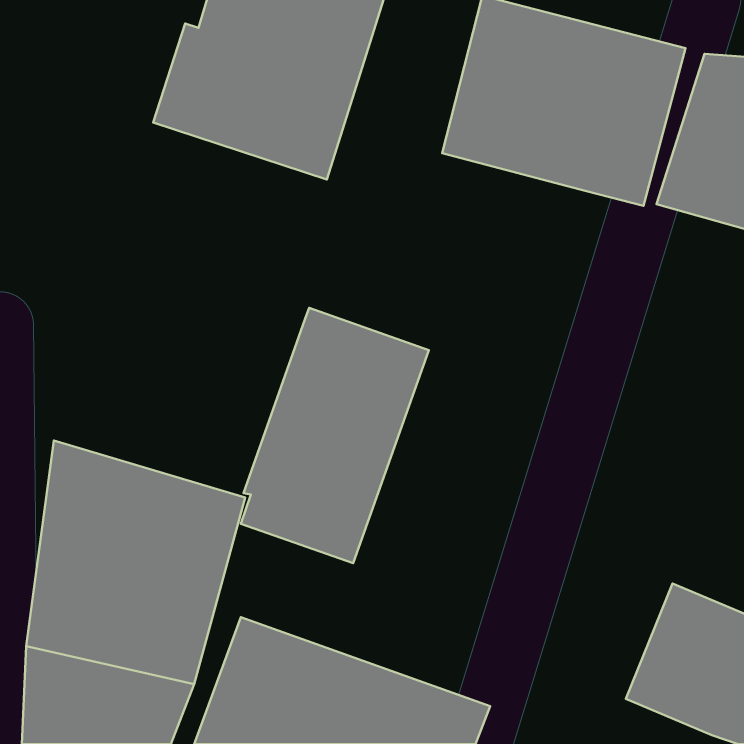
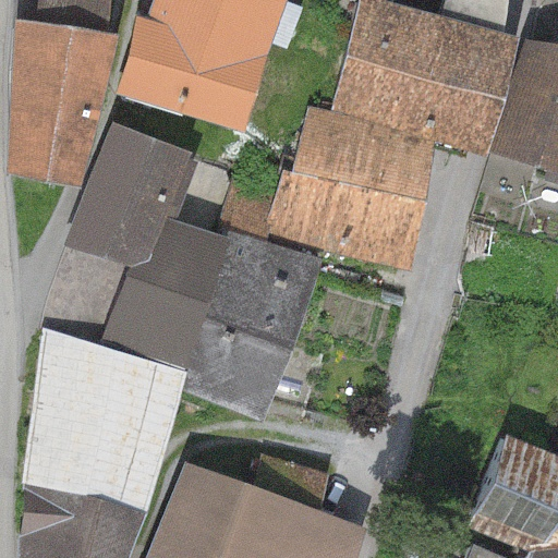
building: none -> [8,20,120,187]
building: none -> [268,107,439,272]
building: none -> [69,122,229,368]

